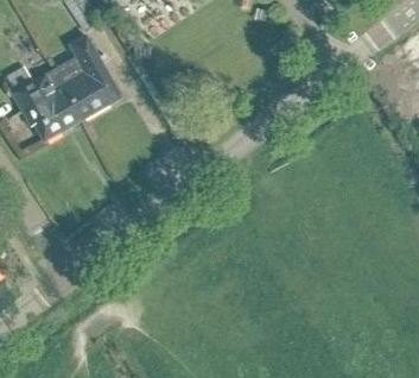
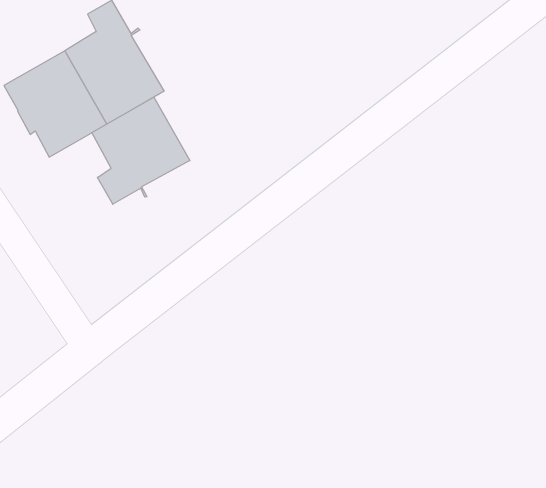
building: none -> [92,97,190,204]

